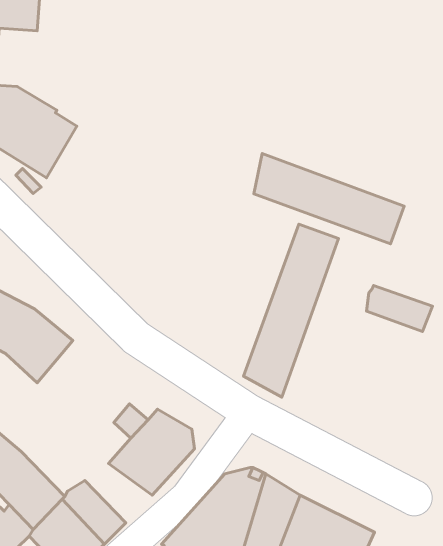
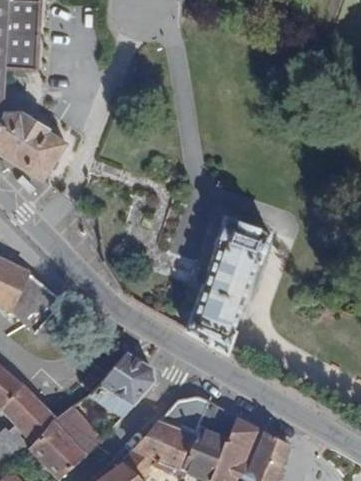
building: [254,153,404,244] -> none
building: [367,286,432,332] -> none

